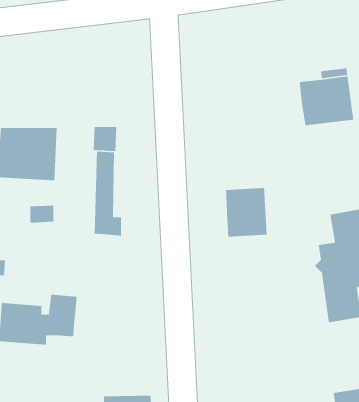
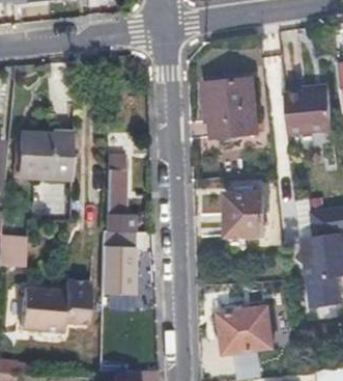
building: none -> [210,80,255,134]
building: none -> [102,246,135,293]
building: none -> [217,305,274,352]

